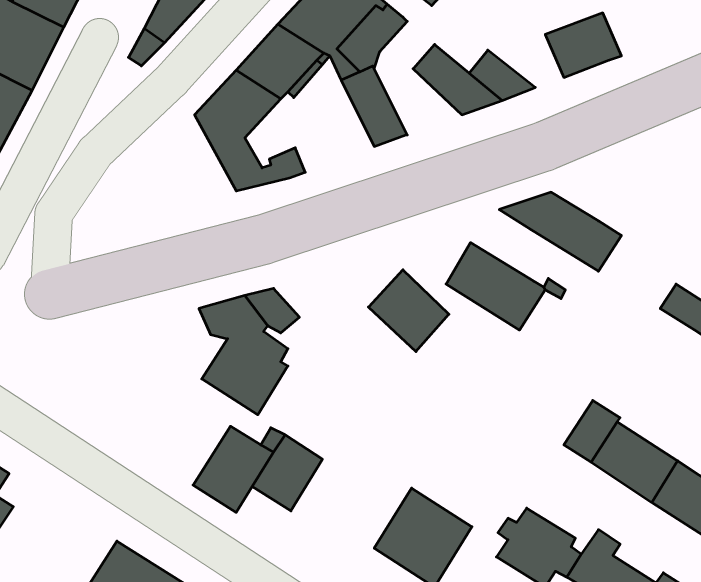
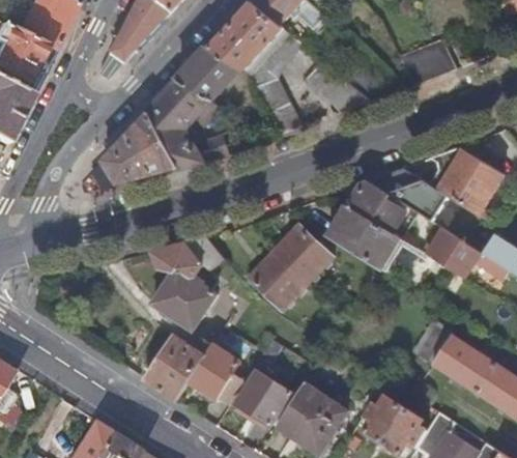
building: none -> [103,112,177,182]
building: none -> [438,148,504,217]
building: none -> [346,180,404,232]
building: none -> [425,227,508,277]
building: none -> [248,251,307,308]
building: none -> [236,371,291,426]

